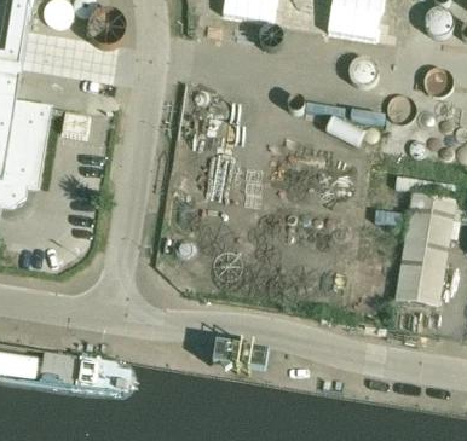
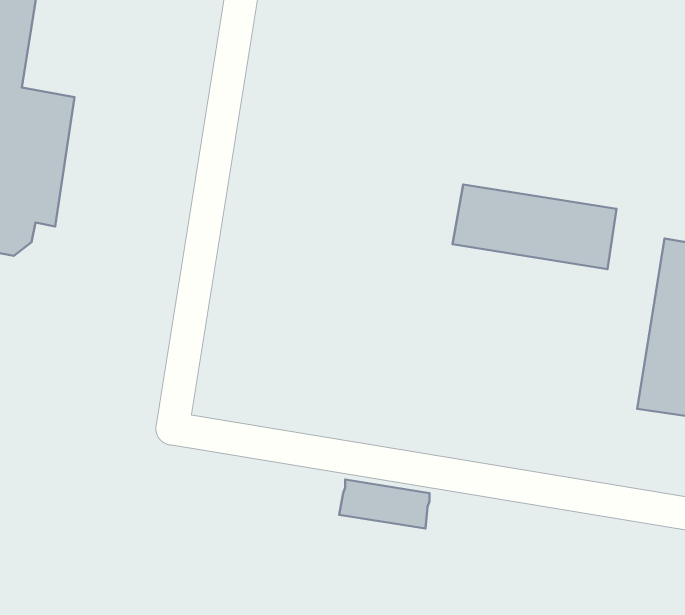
building: none -> [452,184,617,269]

